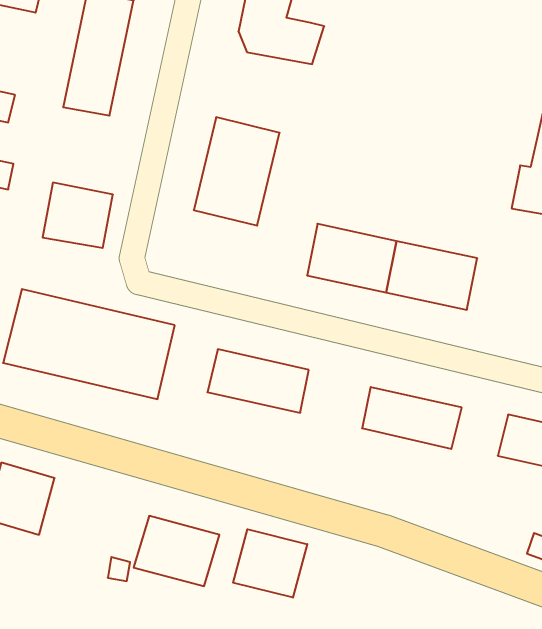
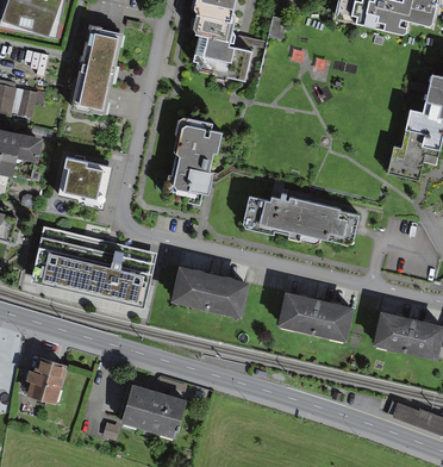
building: [233,529,307,598] -> none

